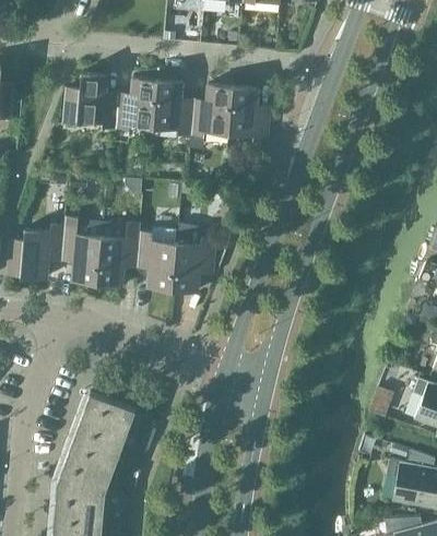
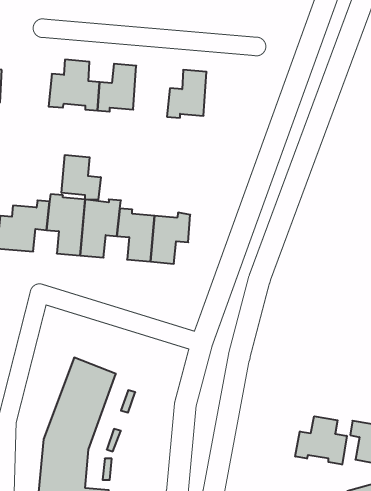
building: [153,80,192,134] -> none
building: [228,86,268,141] -> none
building: none -> [62,155,101,200]
building: none -> [295,416,347,465]

